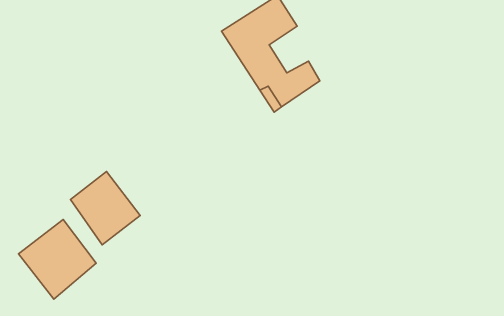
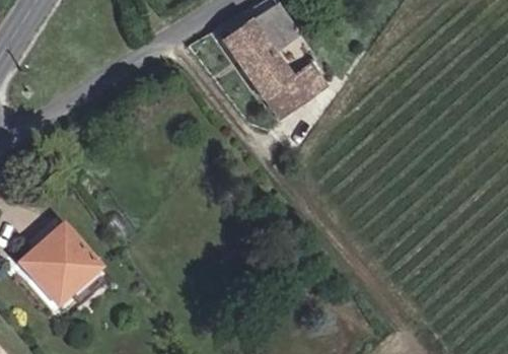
building: [70,172,140,245] -> none

